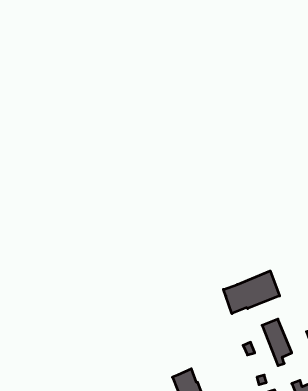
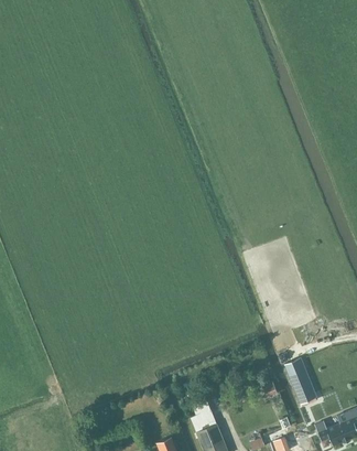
building: [223,271,280,314] -> none

